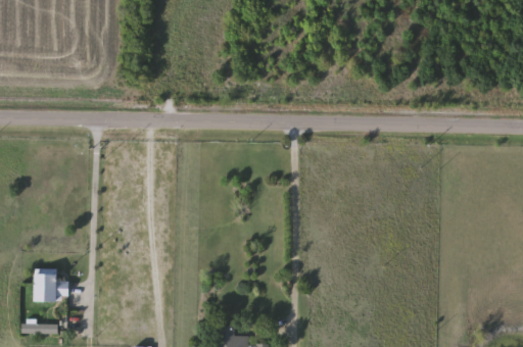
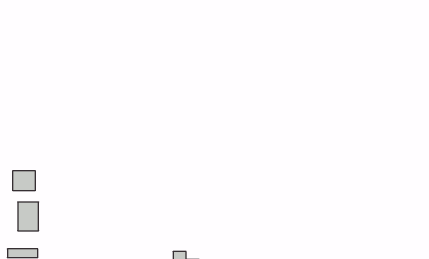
building: none -> [13,171,35,191]

